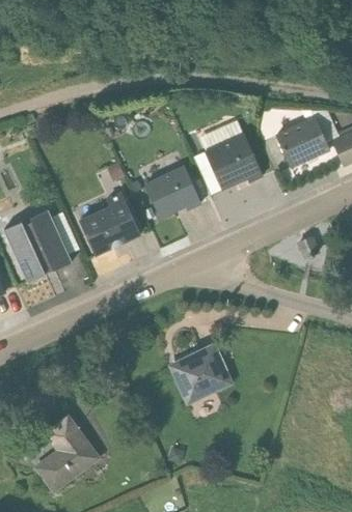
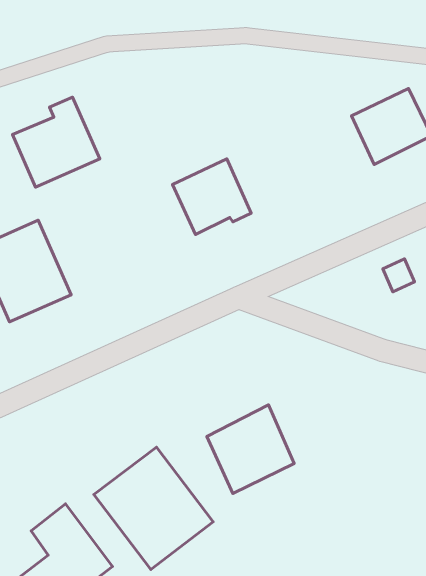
building: [205,131,265,192] -> none
building: [78,192,141,257] -> [12,97,100,187]
building: none -> [94,447,213,569]

